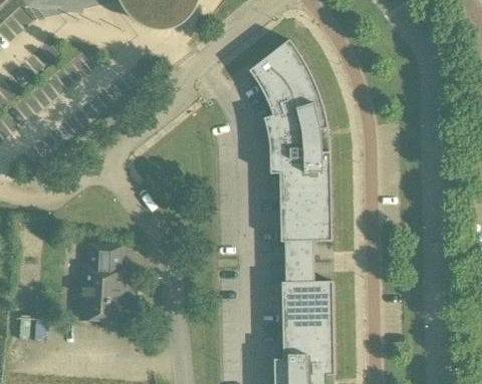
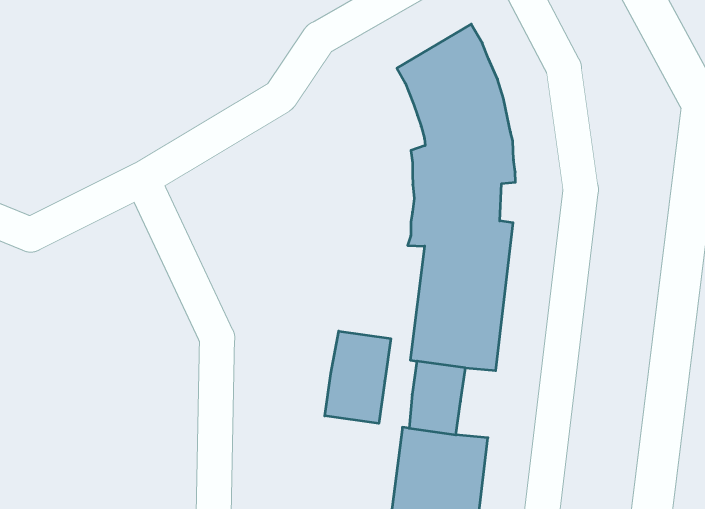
building: none -> [325,331,391,423]
building: [79,247,123,327] -> none

